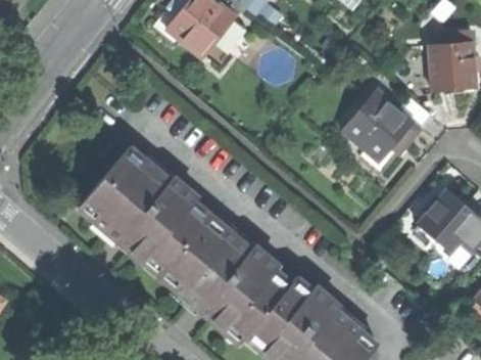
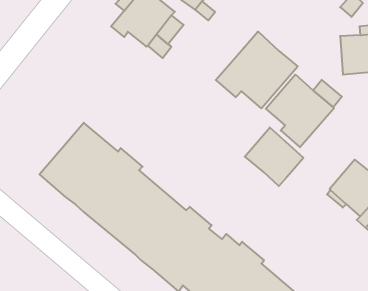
building: none -> [216,32,298,108]
building: none -> [245,127,303,186]

